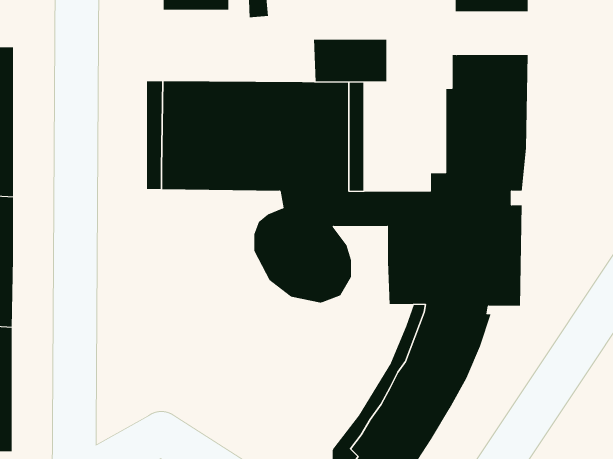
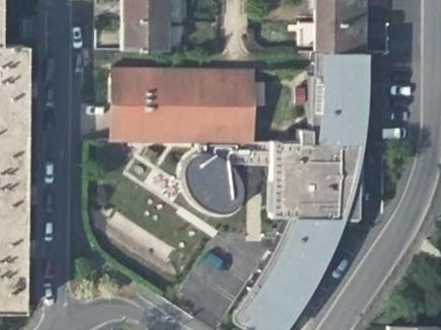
building: none -> [124,20,167,49]
building: [313,39,387,82] -> [316,21,365,50]

